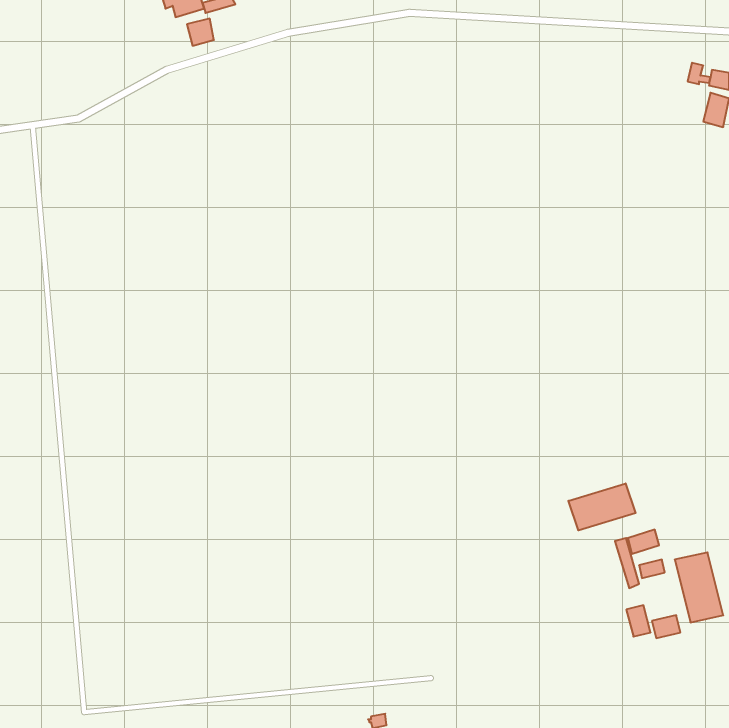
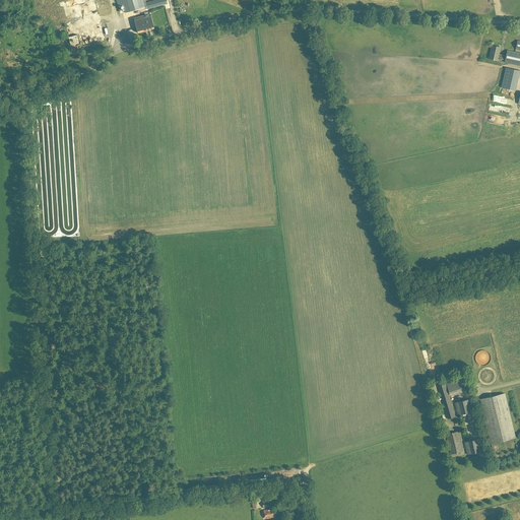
building: [568,483,636,530] -> none

